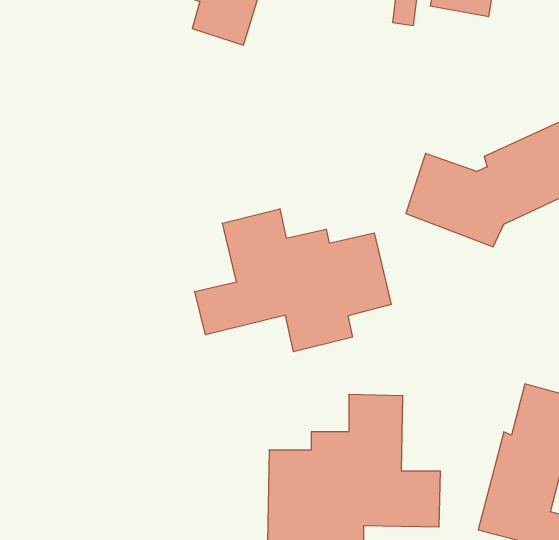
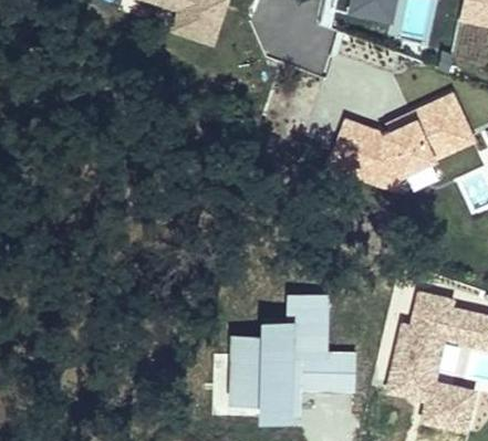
building: [195,209,391,352] -> none

